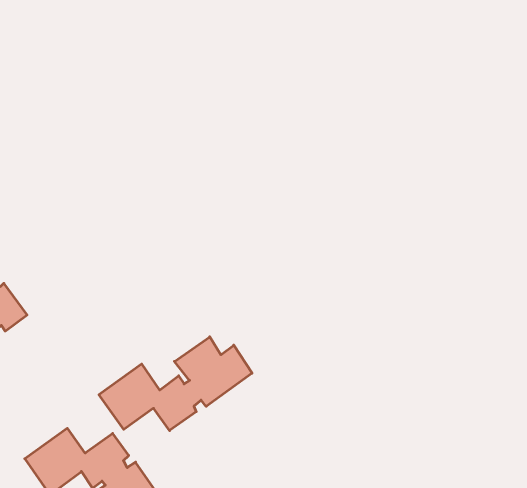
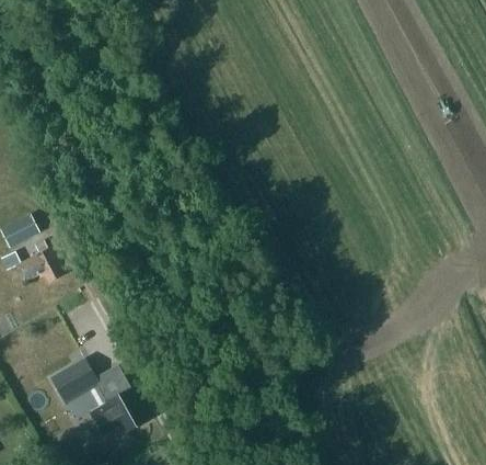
building: [99,337,252,431] -> none

